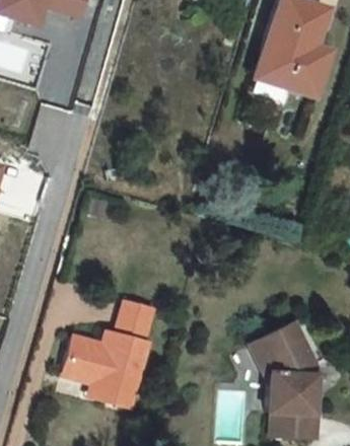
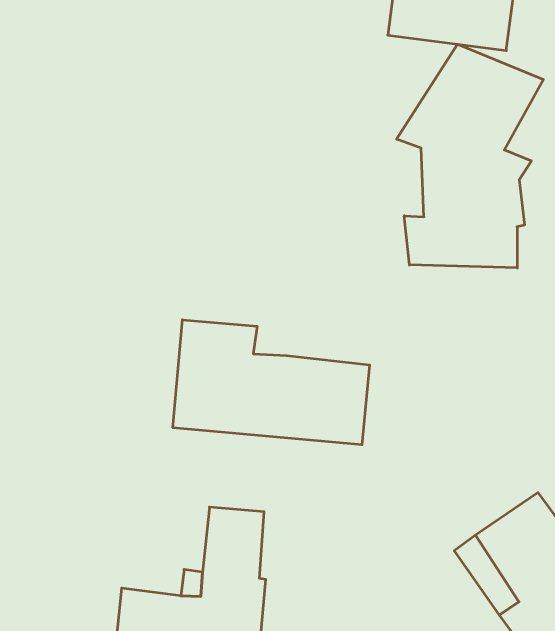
building: none -> [397,44,543,268]
building: none -> [173,320,370,445]

